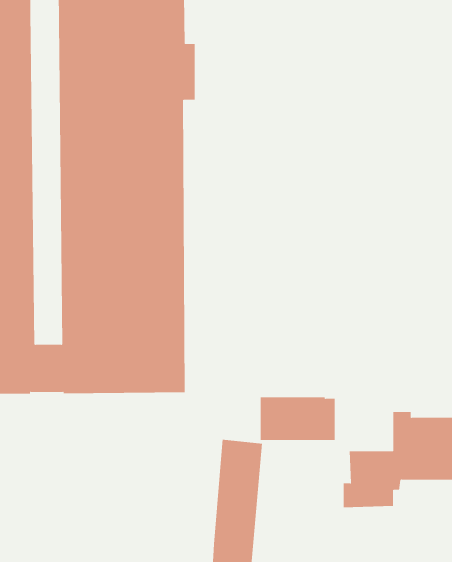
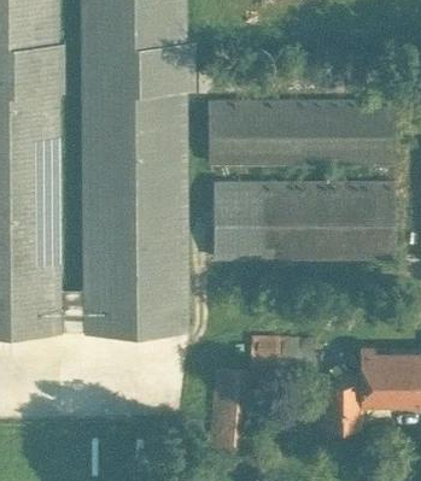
building: none -> [205,101,393,166]
building: none -> [211,184,392,262]

